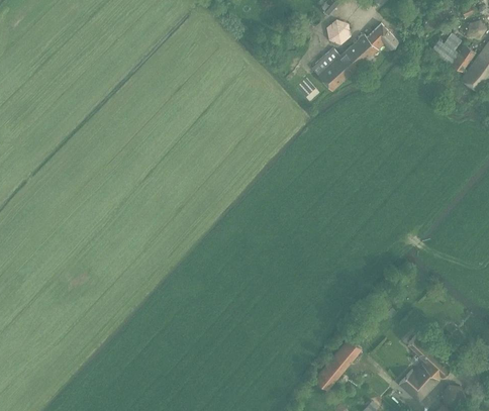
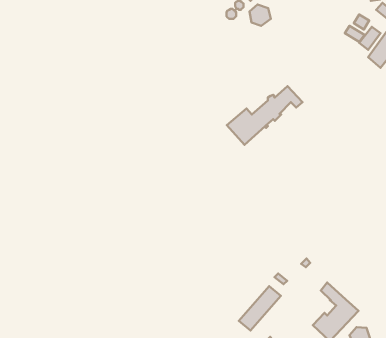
building: [310,22,396,89] -> [227,86,303,145]

